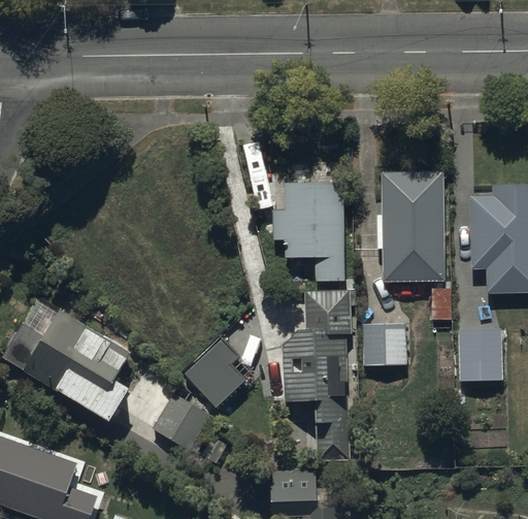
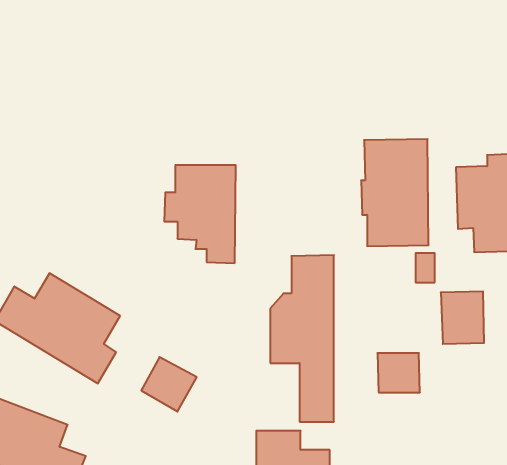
building: [271,182,344,282] -> [164,165,236,263]
building: [362,324,405,364] -> [377,353,420,392]
building: [184,339,246,408] -> none

